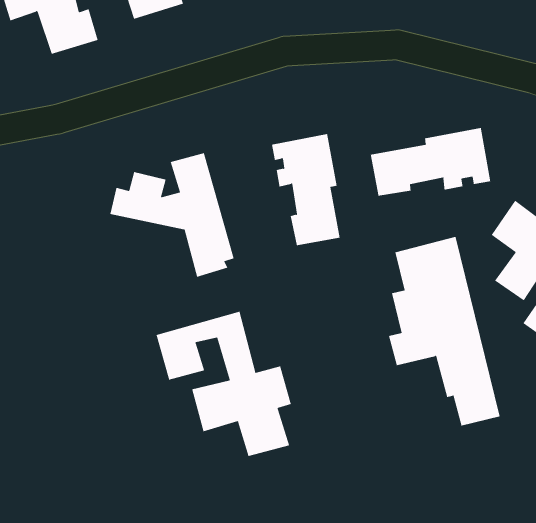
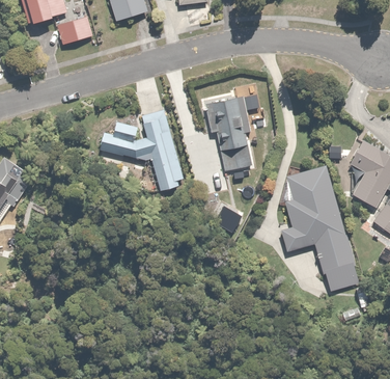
building: [370,127,491,196] -> none
building: [156,311,292,457] -> none

